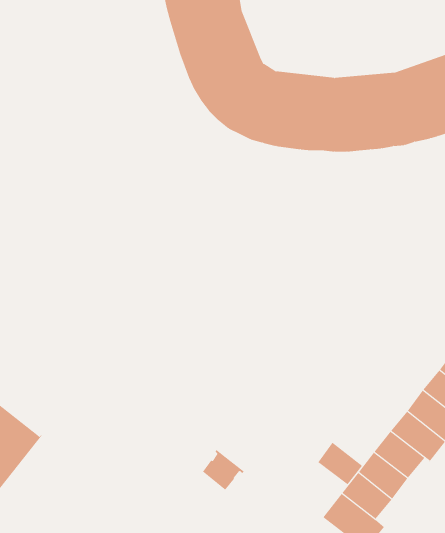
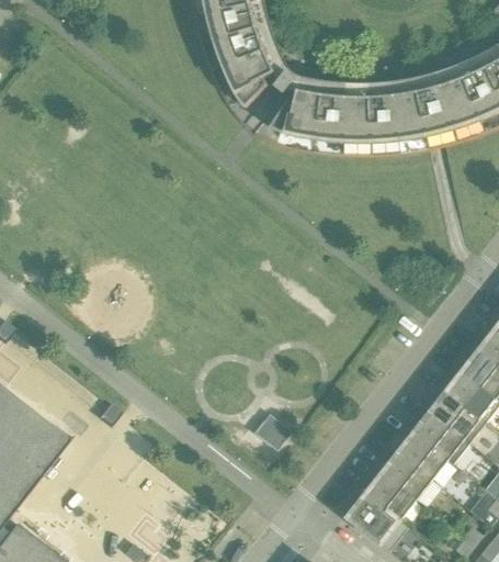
building: [318,442,363,485] -> none
building: [202,449,244,490] -> [254,408,296,449]

